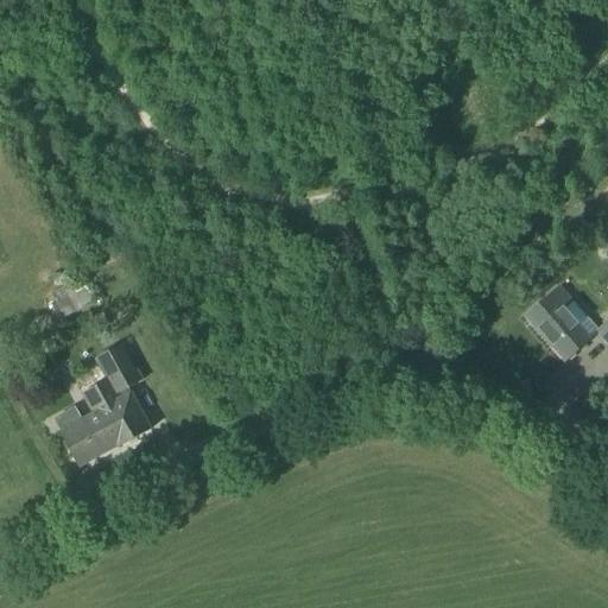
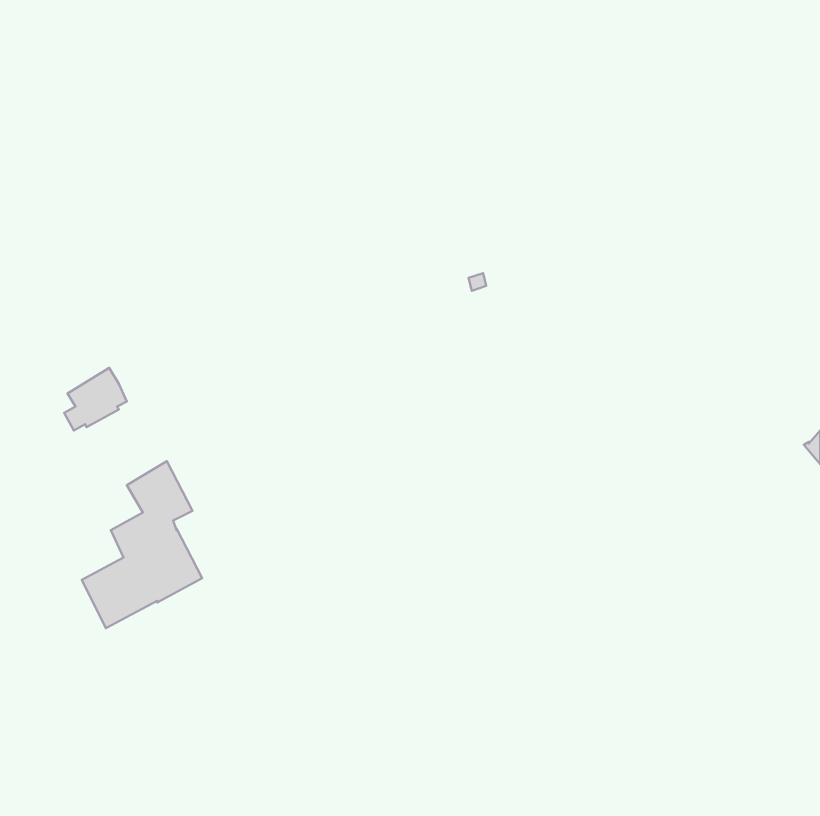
building: [527,286,590,359] -> none

